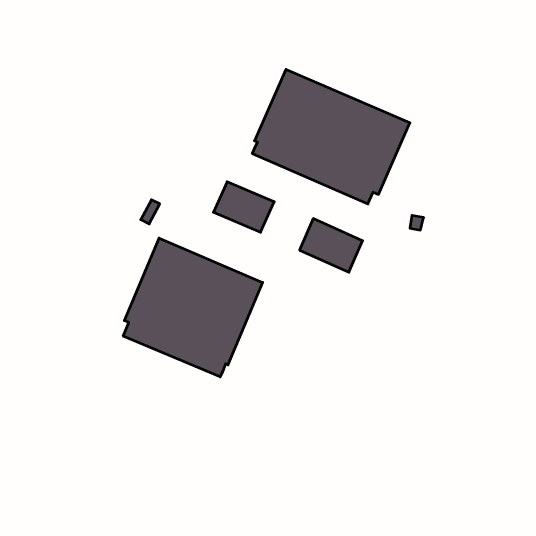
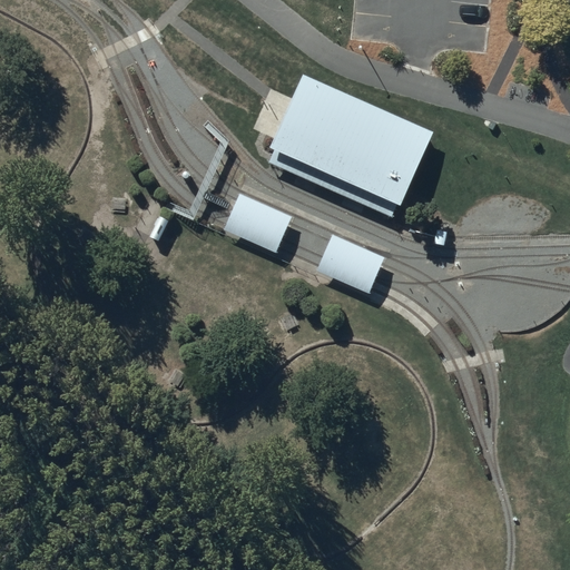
building: [123,238,263,377] -> none

